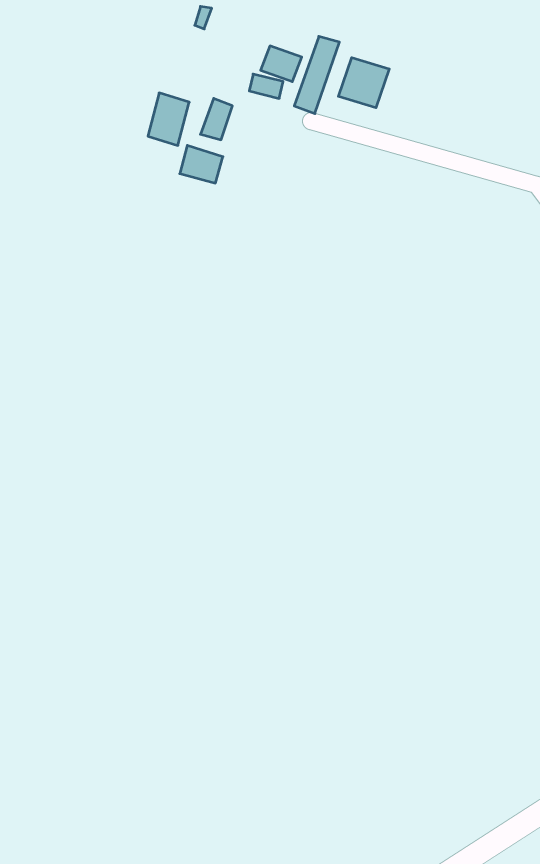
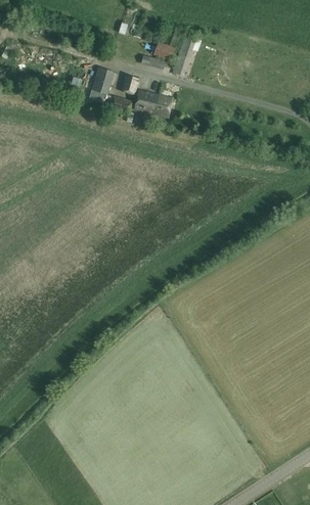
building: [338,58,389,108] -> none
building: none -> [133,90,172,118]

